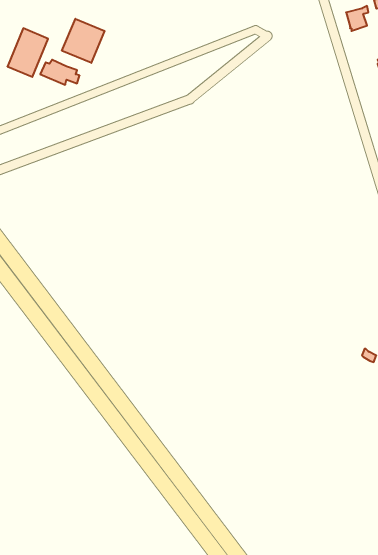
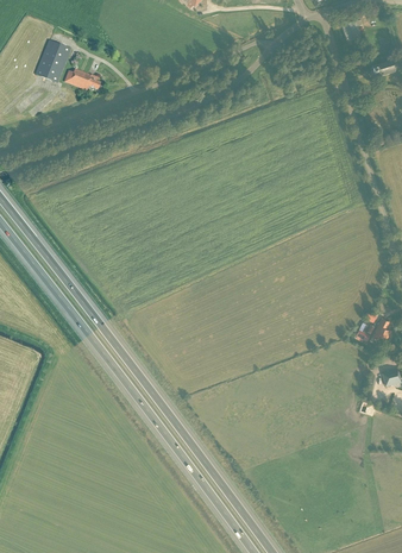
building: [62,19,105,63] -> none

